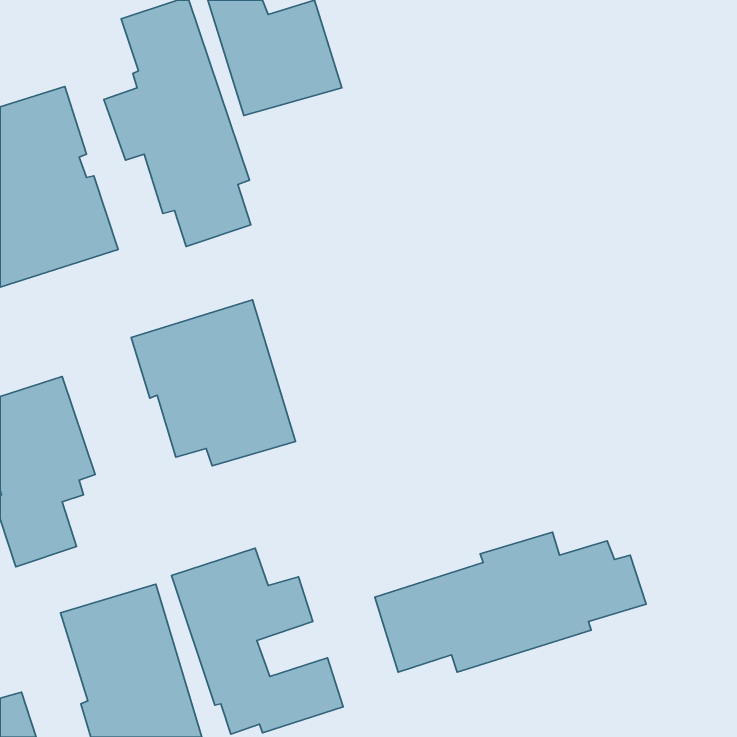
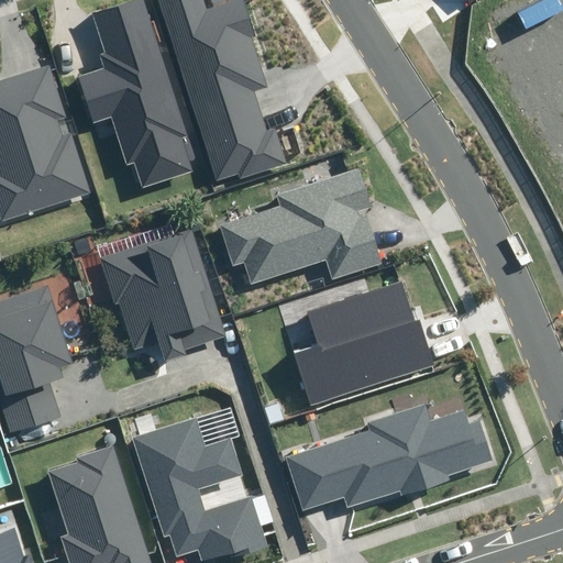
building: none -> [186,67,287,183]
building: none -> [218,167,380,286]
building: none -> [292,279,434,406]

